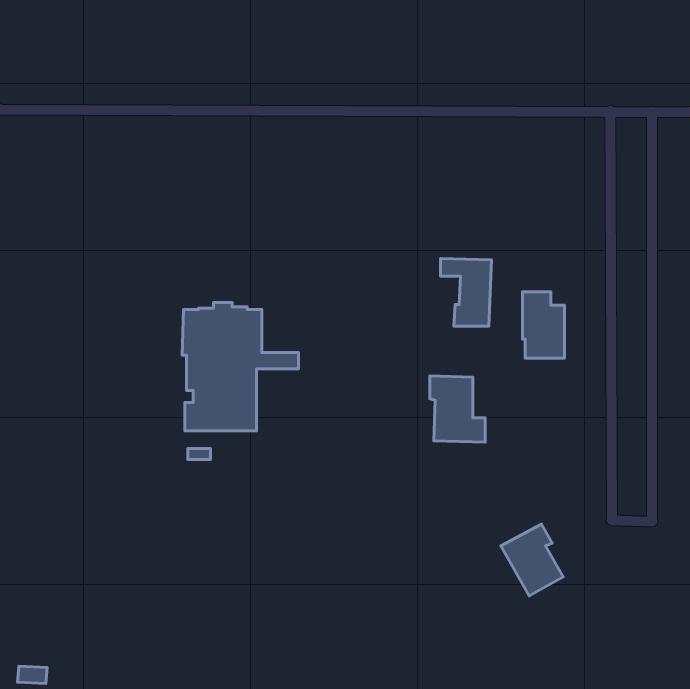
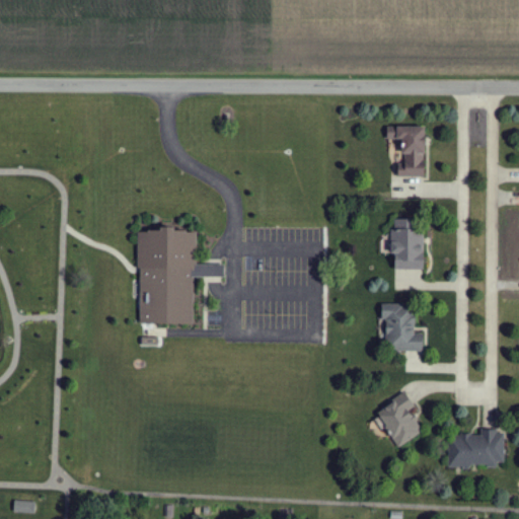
building: [440,259,492,326] -> [387,126,426,176]
building: [430,376,485,442] -> [382,302,424,352]
building: none -> [449,433,504,466]

